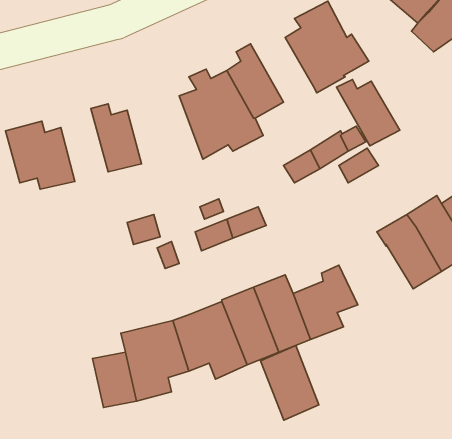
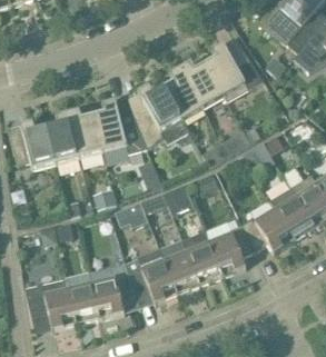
building: [337,79,400,146] -> [179,61,224,108]
building: none -> [92,97,146,163]
building: none -> [46,112,79,163]
building: none -> [241,208,294,251]
building: none -> [23,278,76,329]
building: [260,345,319,420] -> none

